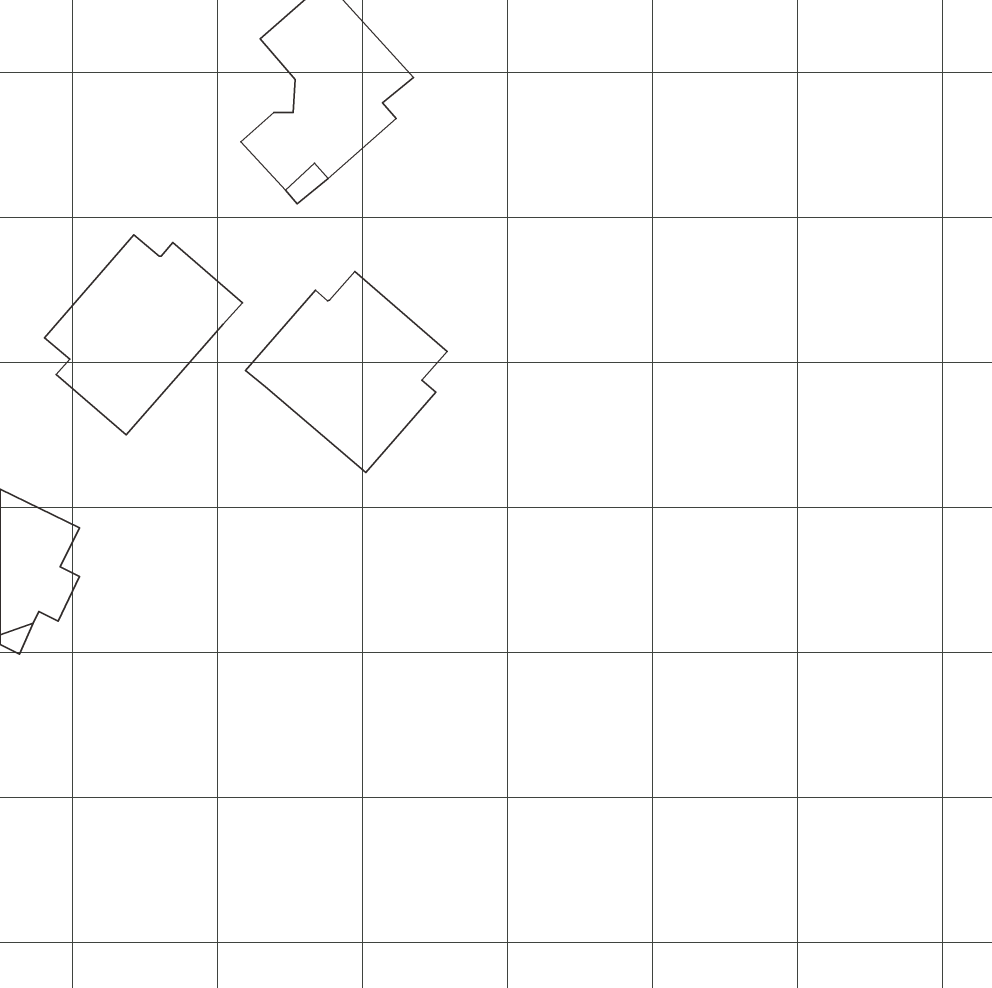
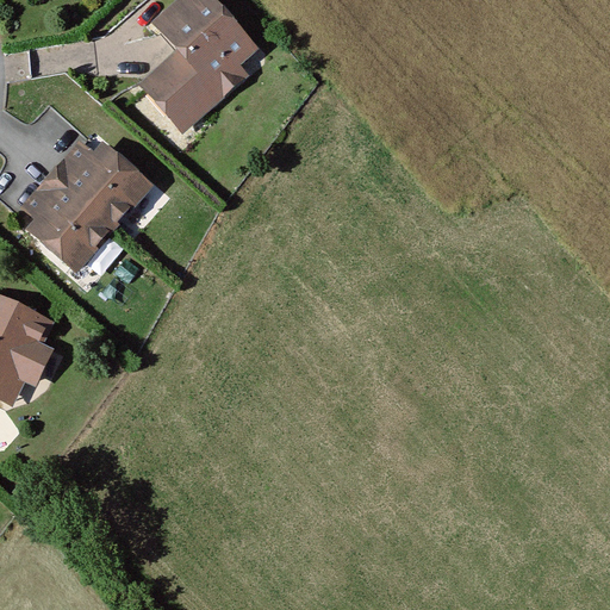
building: [246,272,447,473] -> none

